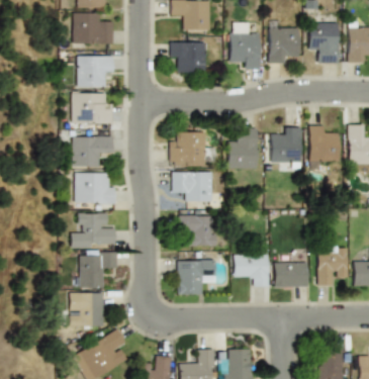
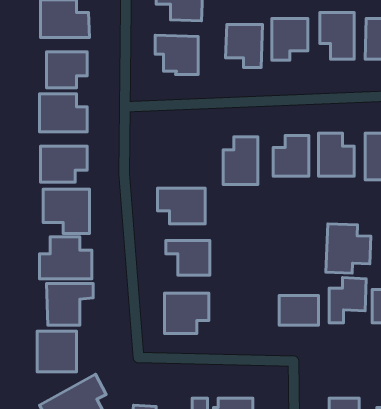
building: [170,131,214,167] -> none
building: none -> [326,224,371,273]
building: [234,255,270,286] -> none

